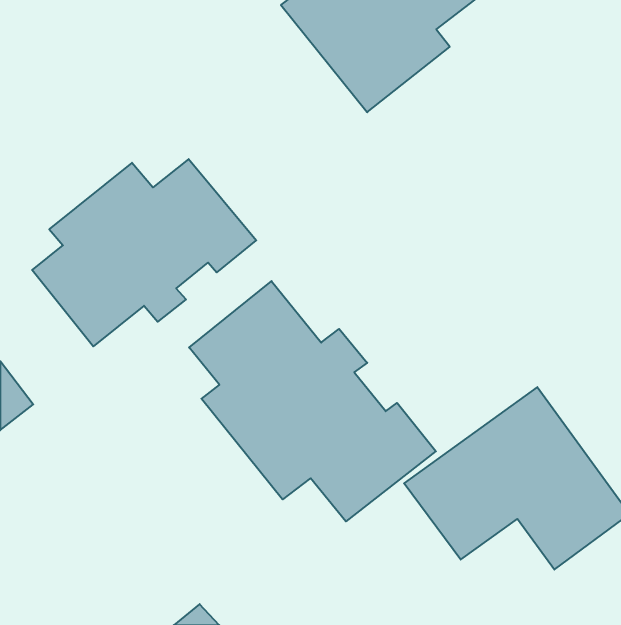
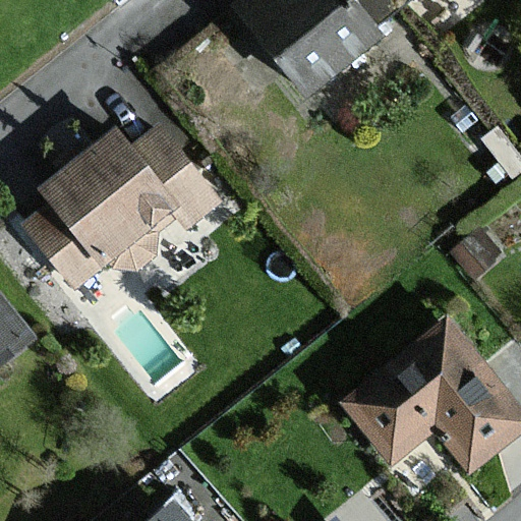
building: [189,281,436,521] -> none

